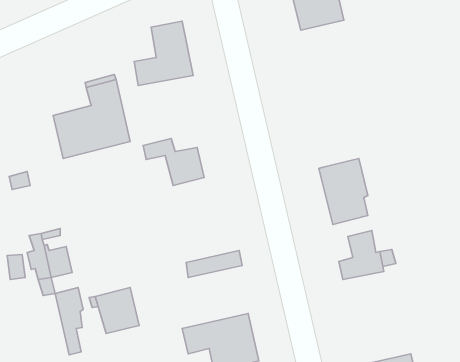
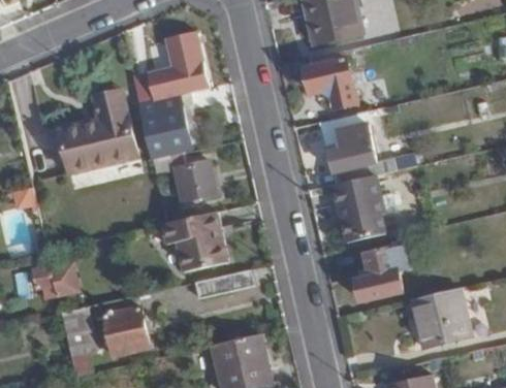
building: none -> [305,50,357,107]
building: none -> [138,92,193,160]
building: none -> [329,124,396,183]
building: none -> [161,211,228,270]
building: none -> [411,287,472,349]

